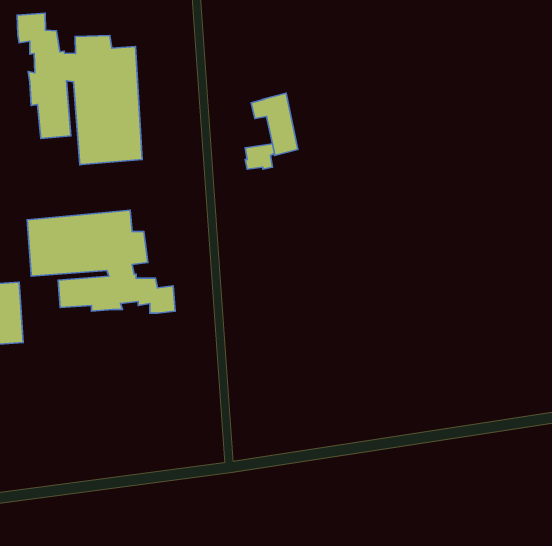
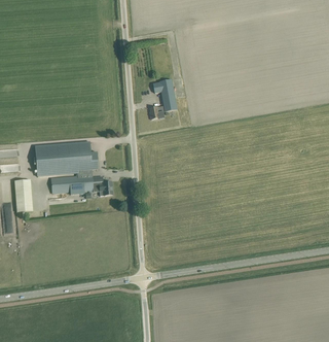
building: [17,13,142,165] -> none

